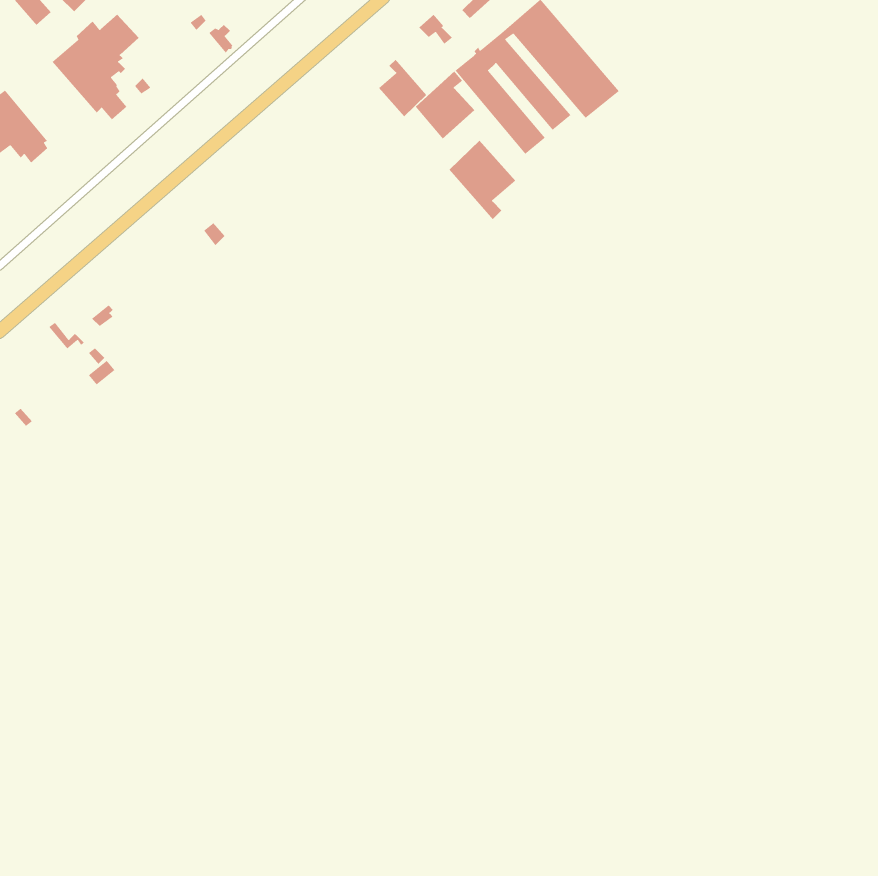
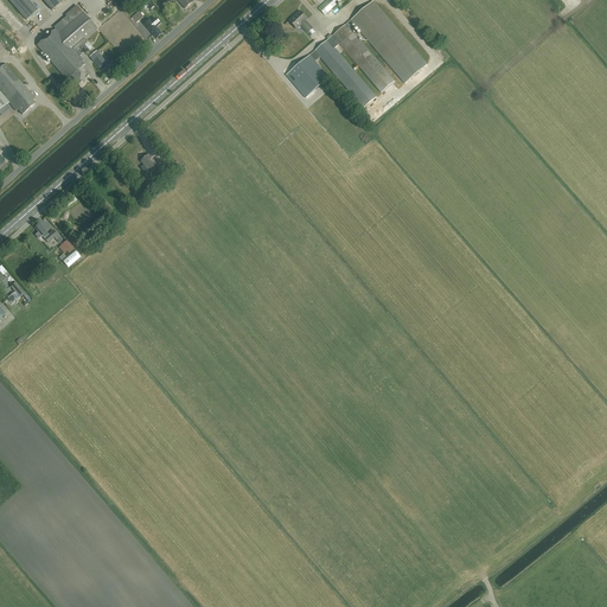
building: [378,59,427,117] -> none
building: [448,140,516,220] -> none

